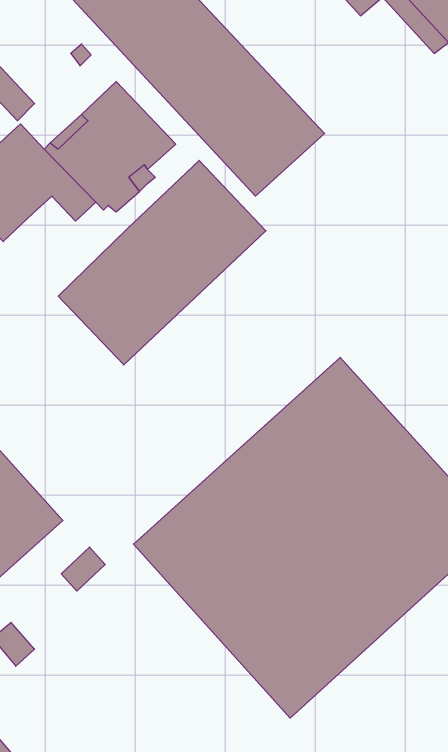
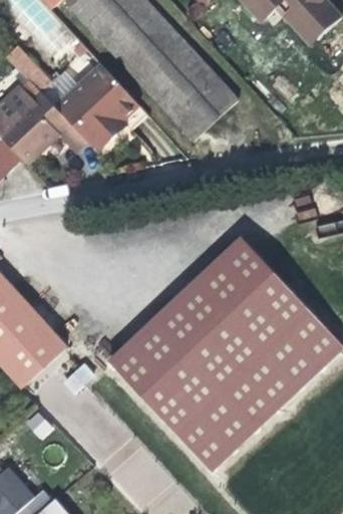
building: [58,160,266,365] -> none

